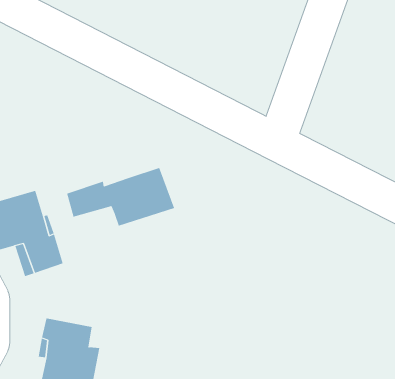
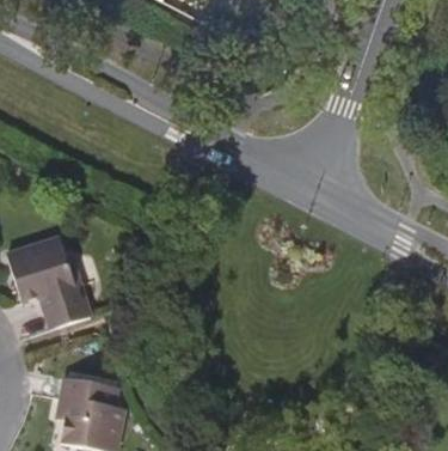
building: [66,167,175,226] -> none

